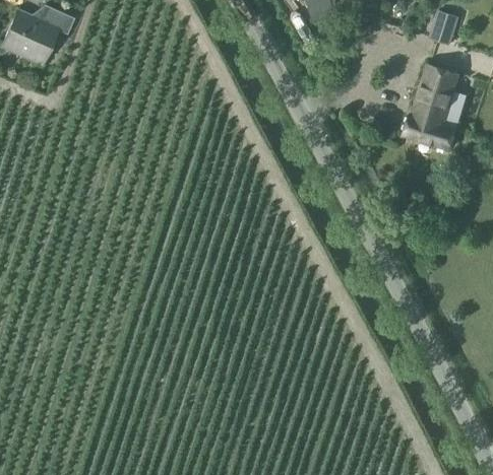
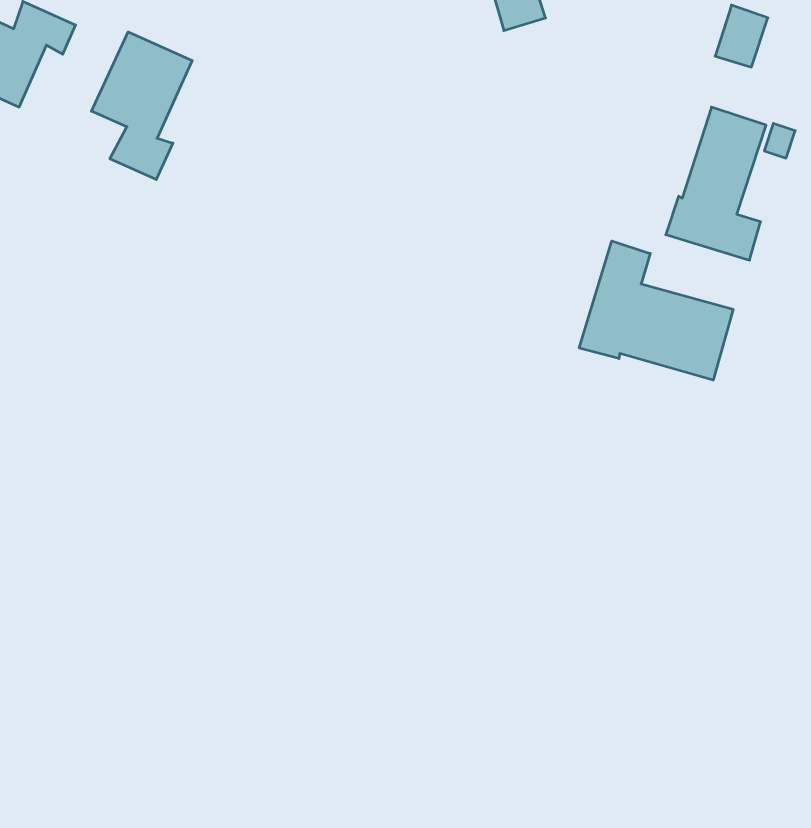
building: none -> [91,32,192,180]
building: none -> [579,241,733,380]

